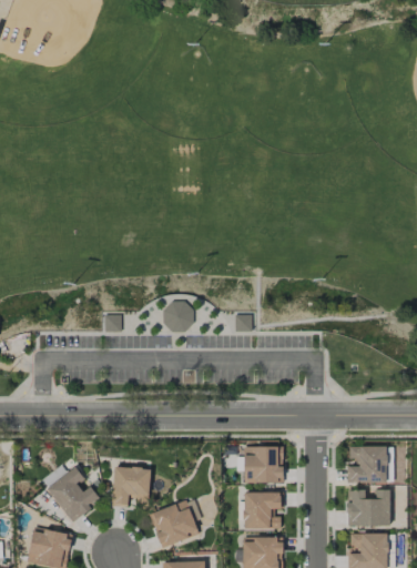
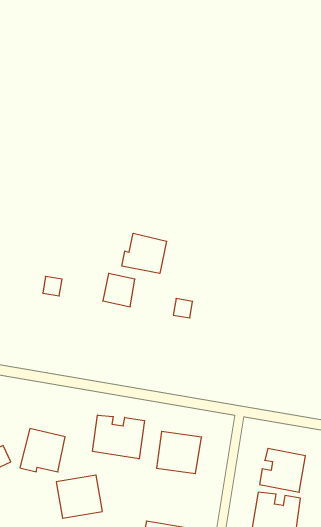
building: none -> [122,233,167,273]
building: none -> [93,415,145,459]
building: [245,493,282,529] -> none

